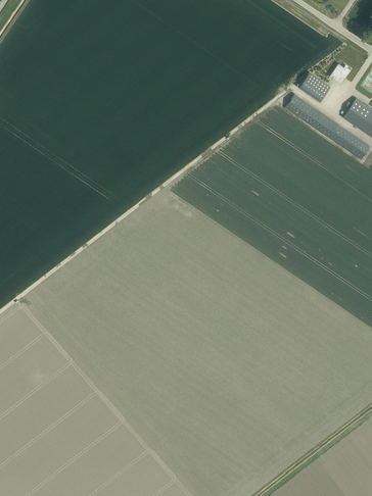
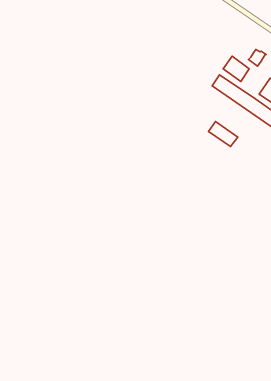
building: none -> [209,122,238,147]

